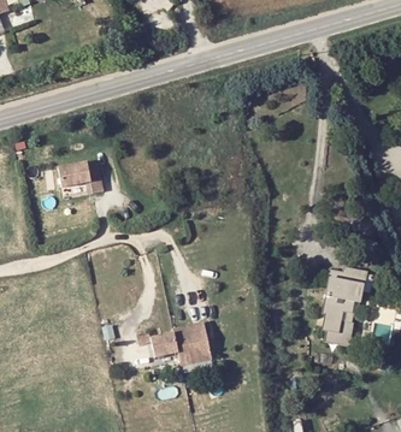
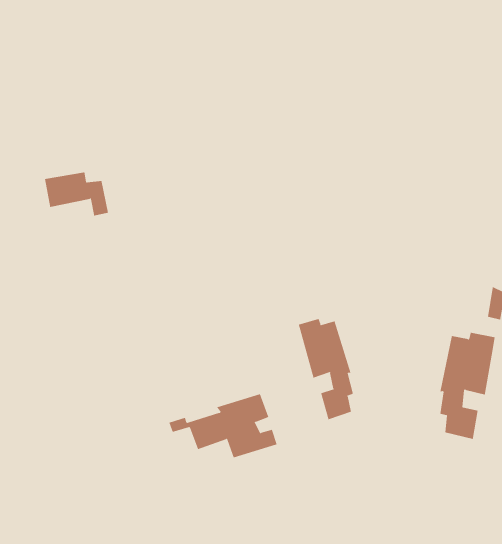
building: none -> [298,318,354,420]

